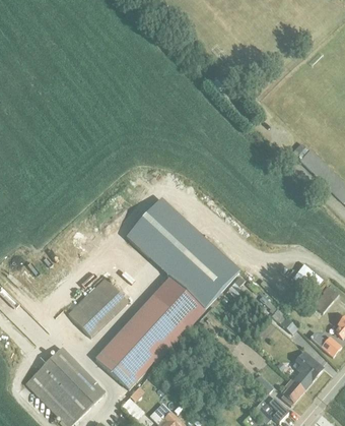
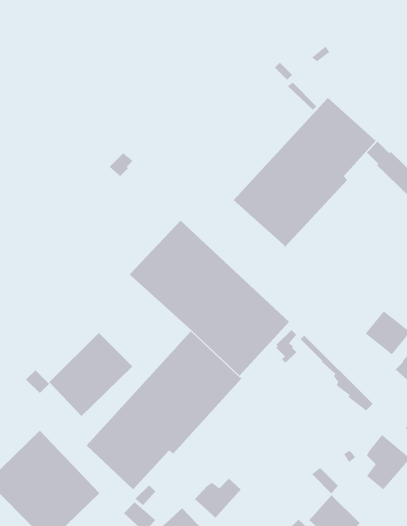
building: none -> [233,97,377,248]
building: [280,378,304,406] -> none
building: none -> [194,478,241,519]

